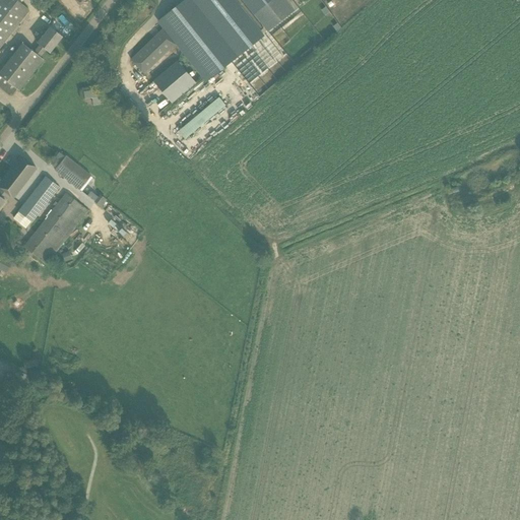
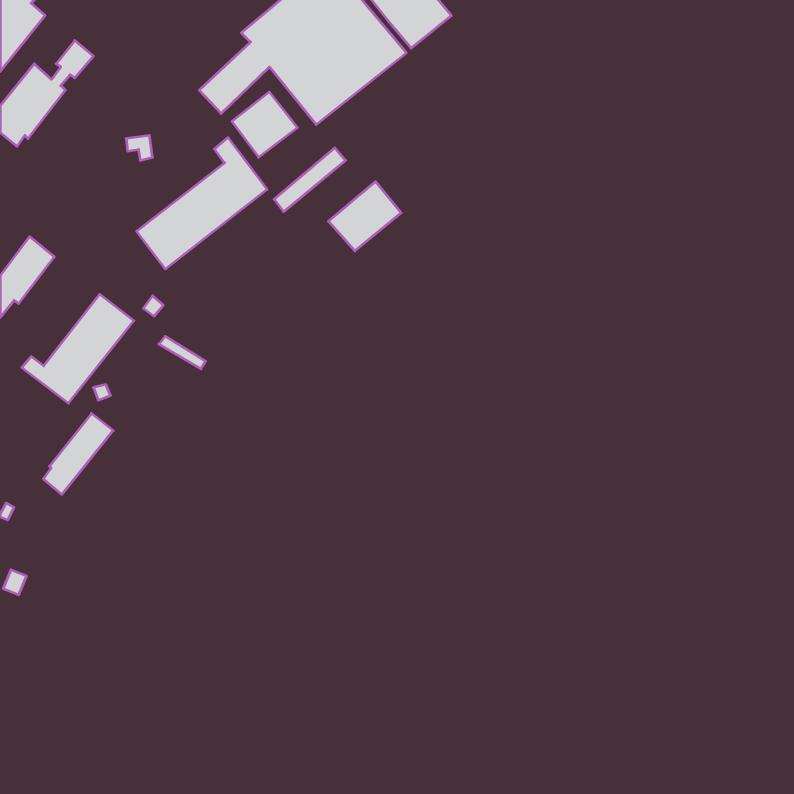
building: none -> [137,138,267,269]
building: none -> [328,182,401,251]
building: [54,154,84,183] -> none
building: [14,176,60,229] -> [43,413,113,494]

